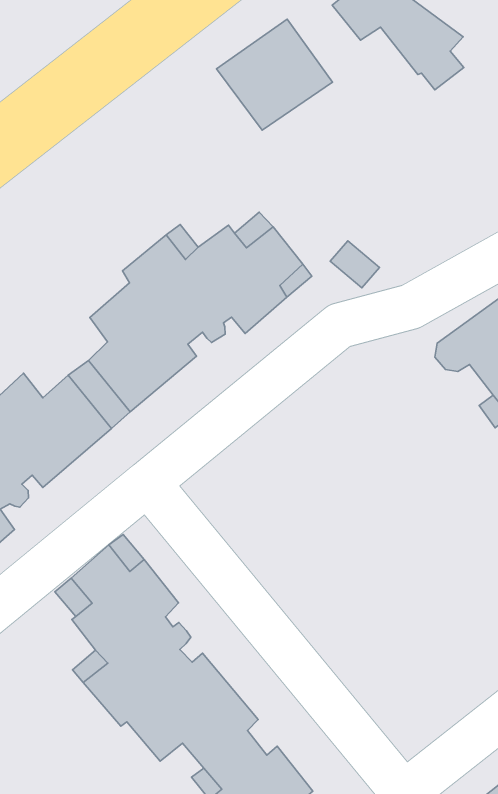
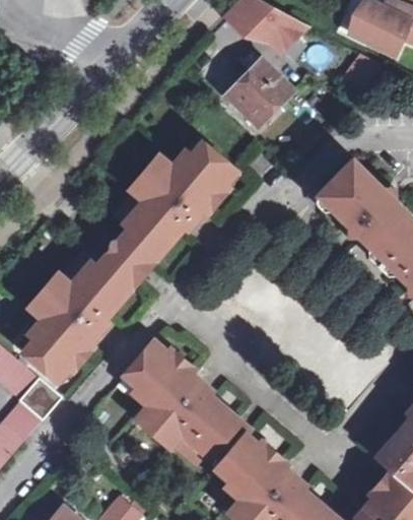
building: [216,19,333,130] -> [223,60,290,125]

